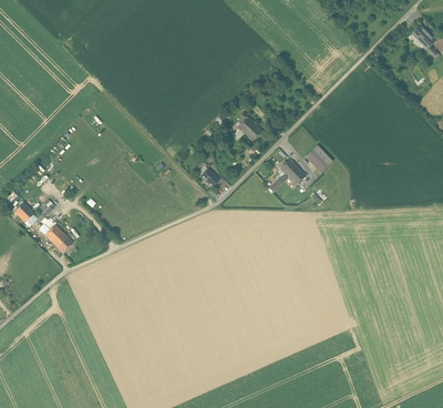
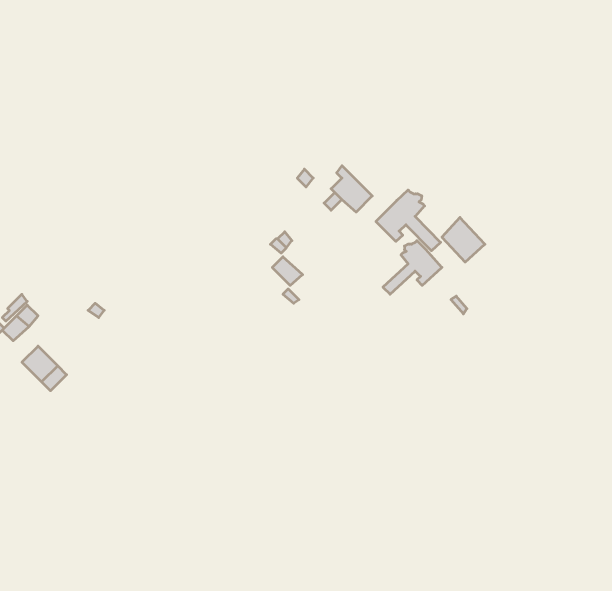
building: none -> [376,190,441,251]

